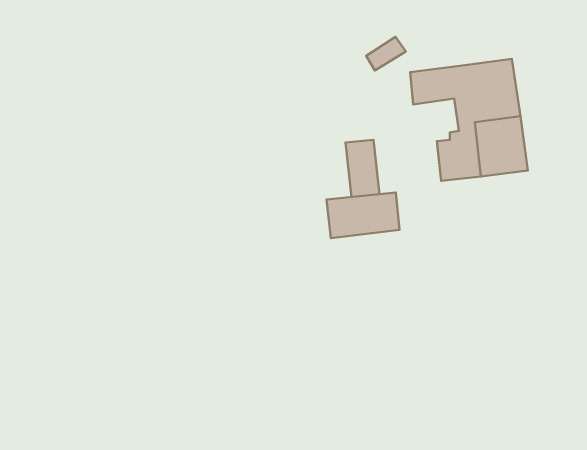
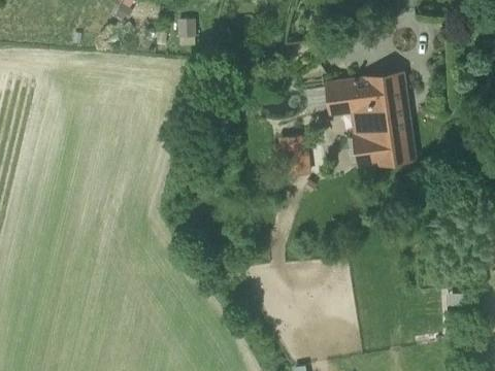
building: [327,193,400,238] -> none

